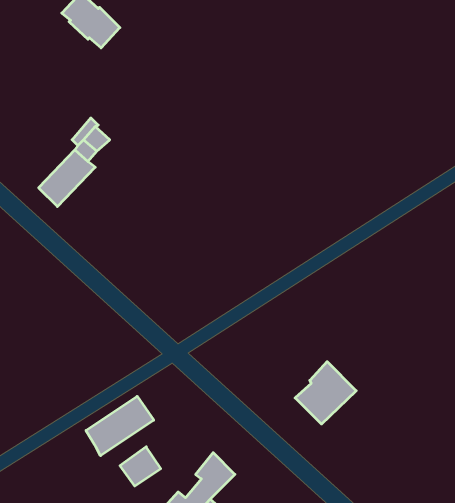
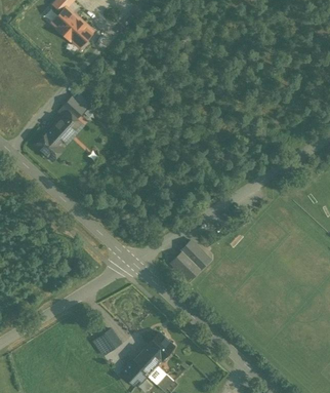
building: [295,362,356,424] -> [169,238,212,282]
building: [86,396,154,456] -> none

